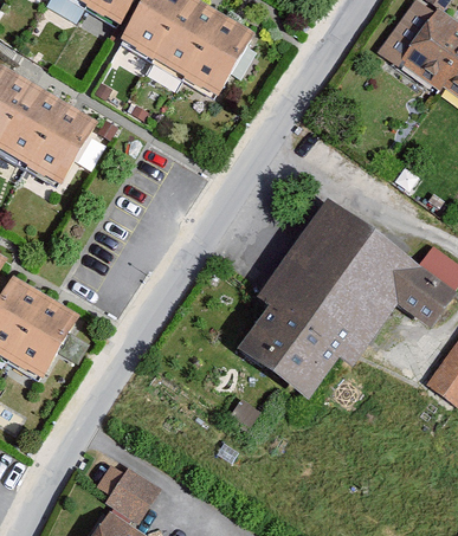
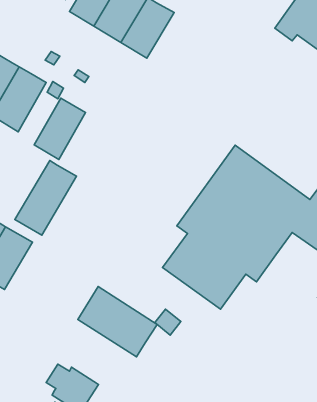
building: none -> [34,98,85,159]
building: none -> [15,161,76,235]
building: none -> [78,286,157,357]

